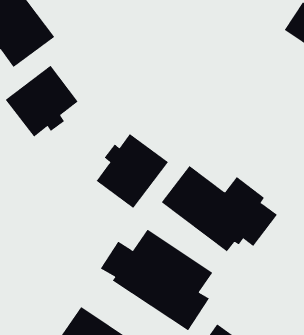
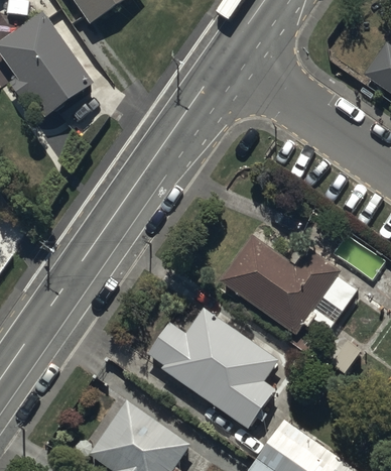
building: [5,65,79,138] -> none
building: [96,133,169,209] -> none

